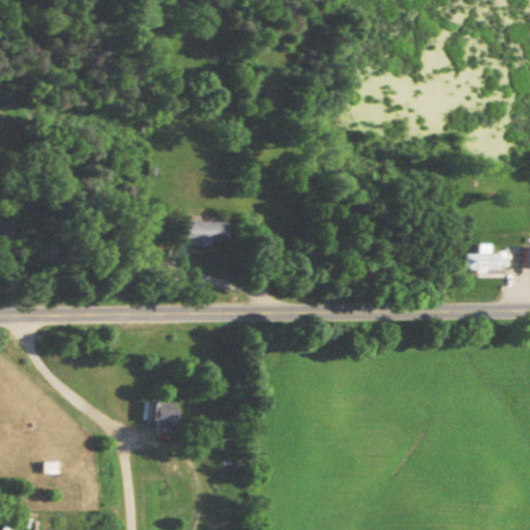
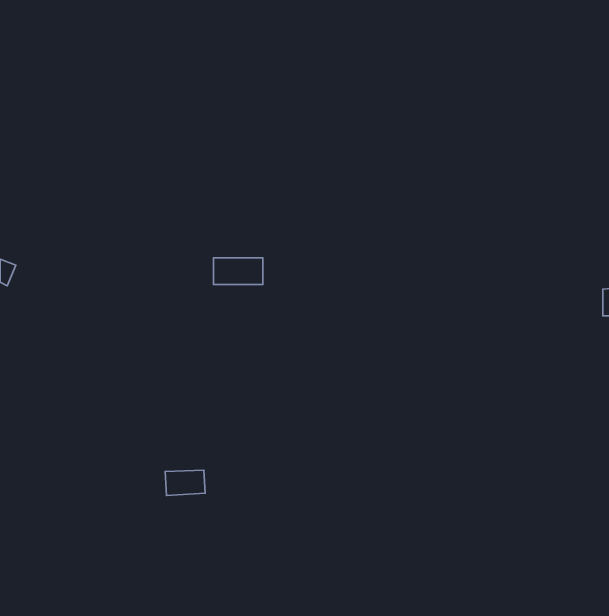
building: [466,246,502,272] -> none

